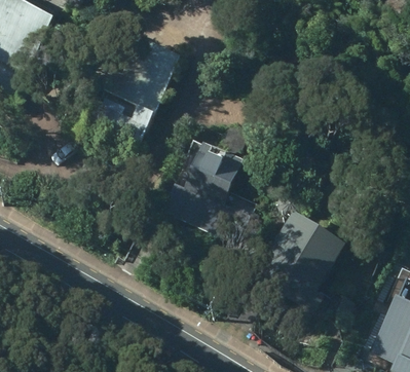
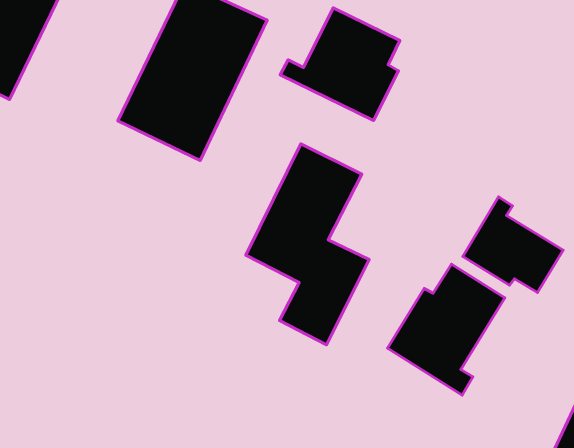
building: none -> [280,8,400,120]
building: none -> [463,197,563,293]

